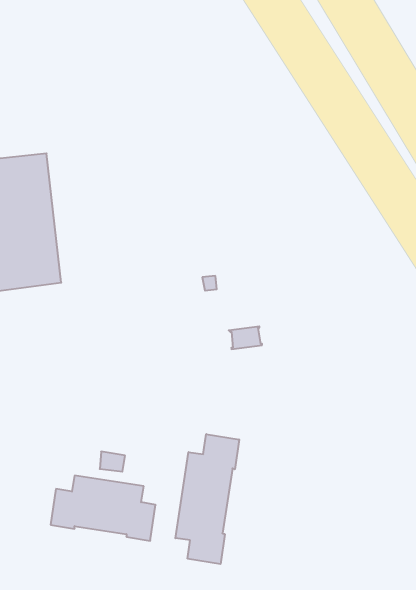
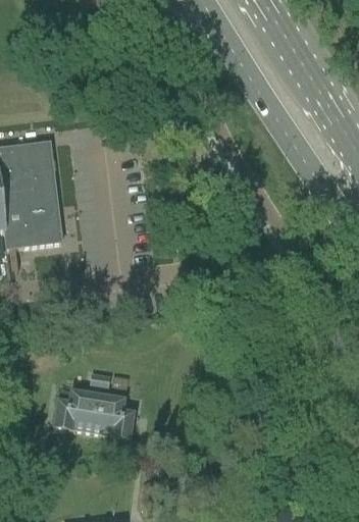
building: [175,434,239,564] -> none

